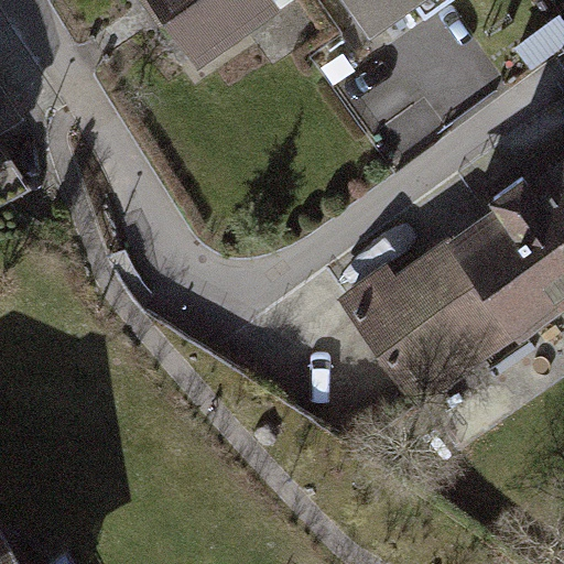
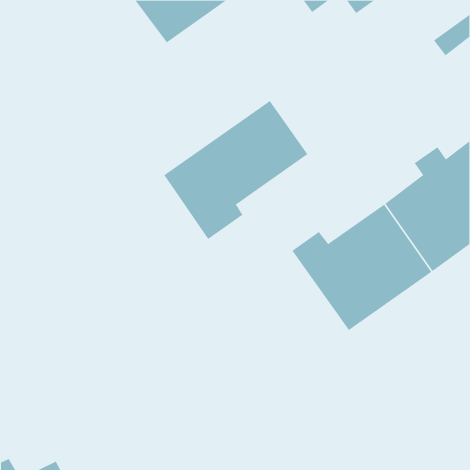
building: none -> [163,100,308,240]

